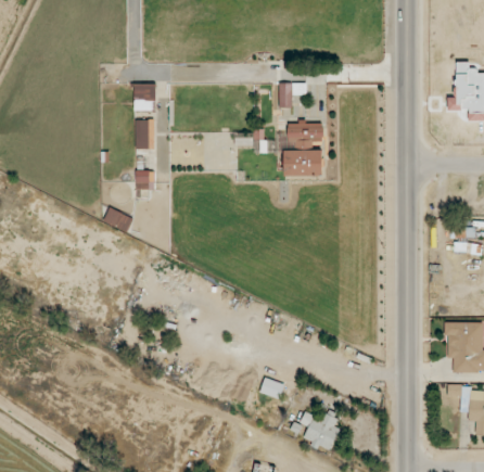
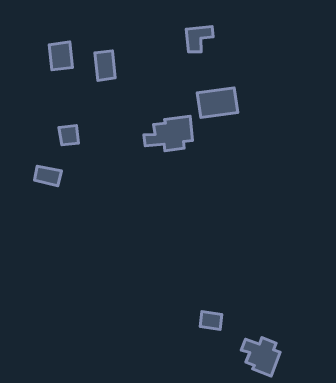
building: [136,120,154,150] -> [95,51,115,81]
building: [288,123,323,144] -> none
building: none -> [144,116,193,151]

